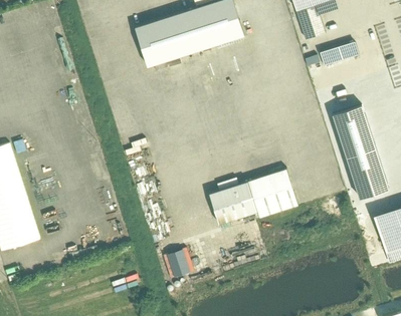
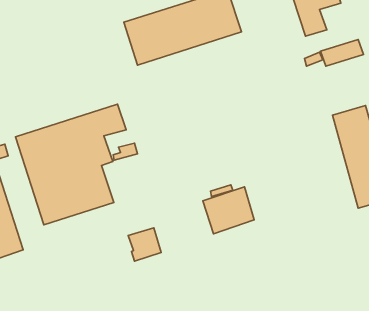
building: none -> [16,104,126,225]
building: [248,169,298,219] -> none
building: [163,248,194,279] -> [128,228,161,261]

